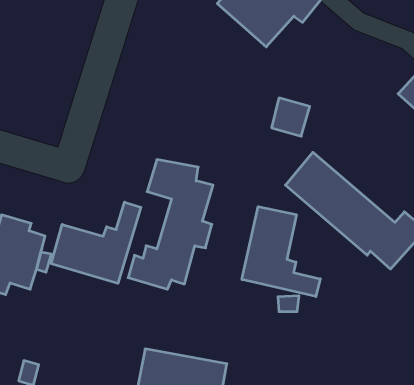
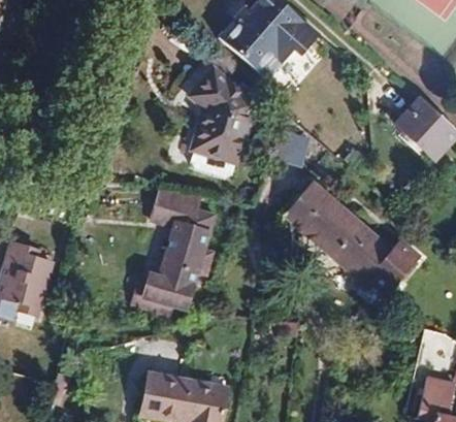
building: none -> [190,67,255,176]
building: [51,202,141,283] -> none
building: [242,207,320,297] -> none

